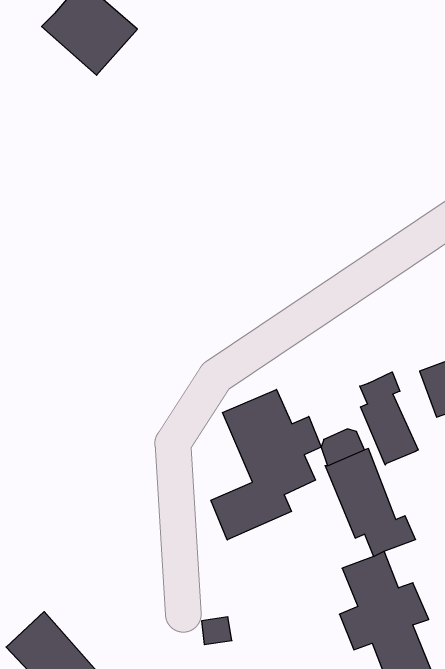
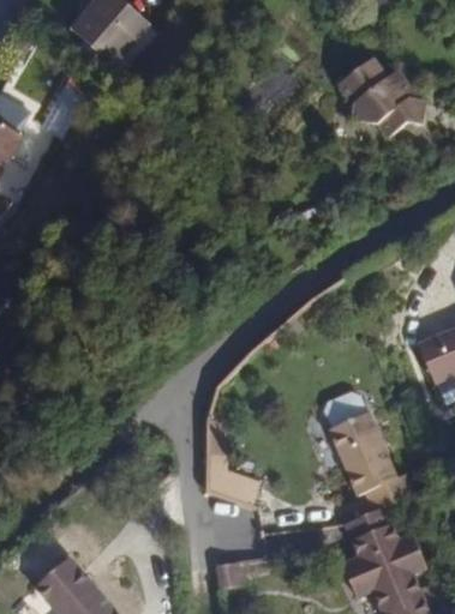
building: none -> [336,58,423,138]
building: [360,372,418,465] -> none
building: [211,389,321,540] -> none

